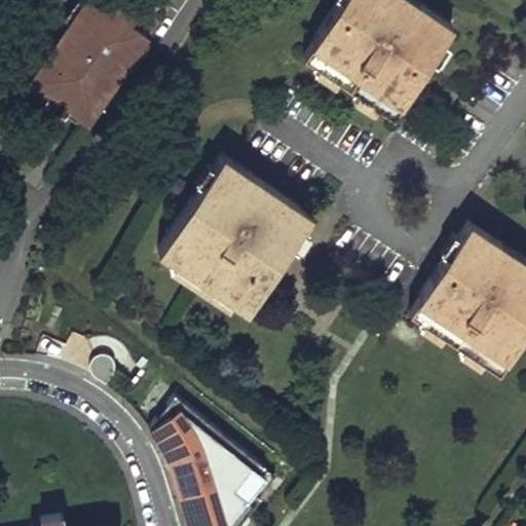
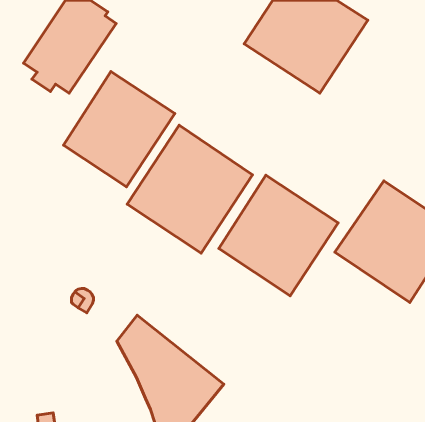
building: none -> [63,71,175,187]
building: none -> [219,175,338,296]

